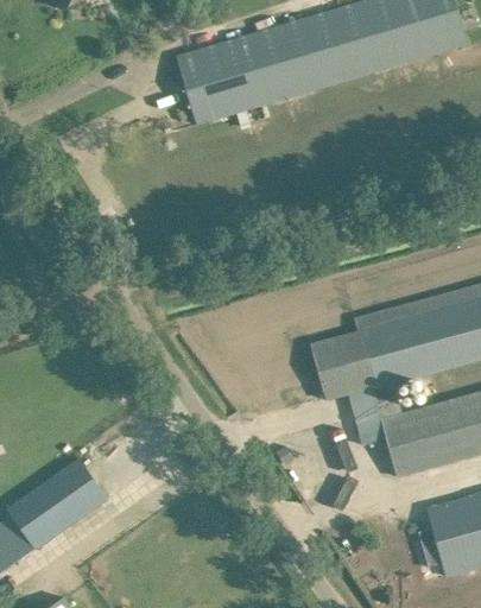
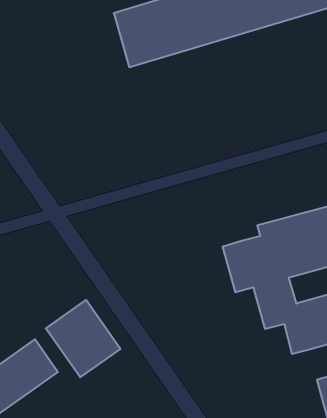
building: none -> [46,300,120,377]

